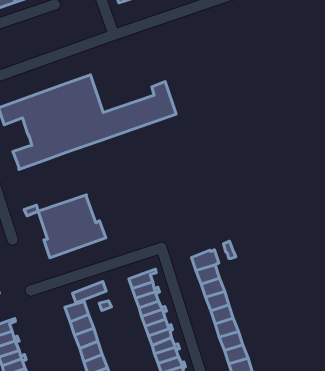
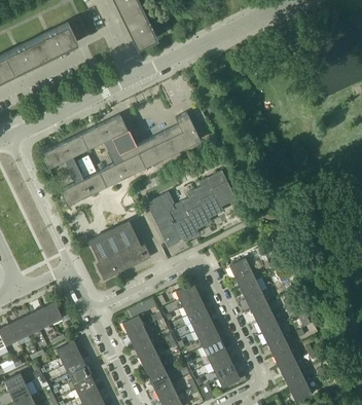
building: none -> [146,172,237,249]

